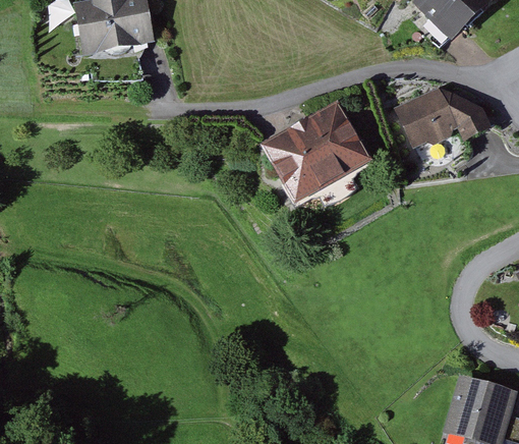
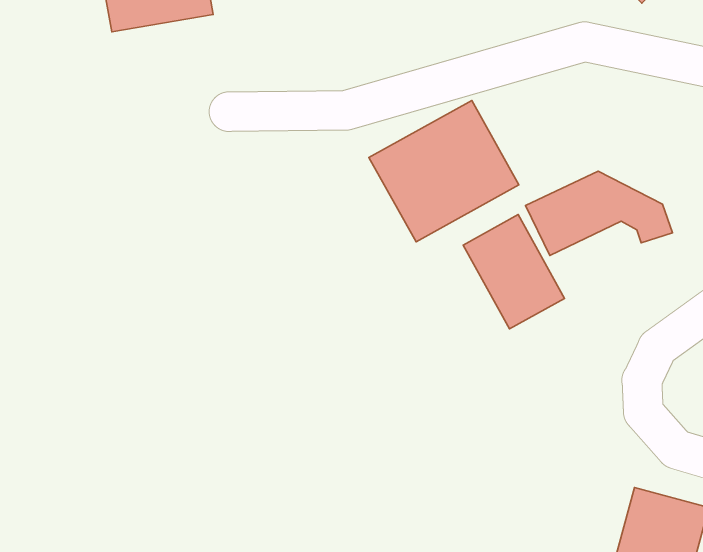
building: [390,87,495,147] -> [525,171,673,256]
building: none -> [463,214,565,329]

